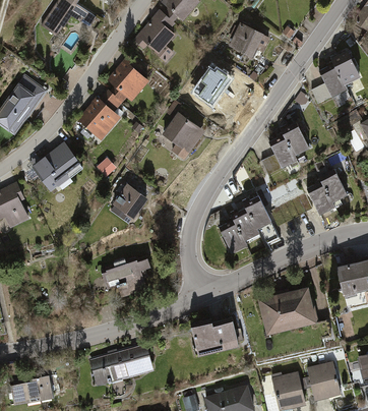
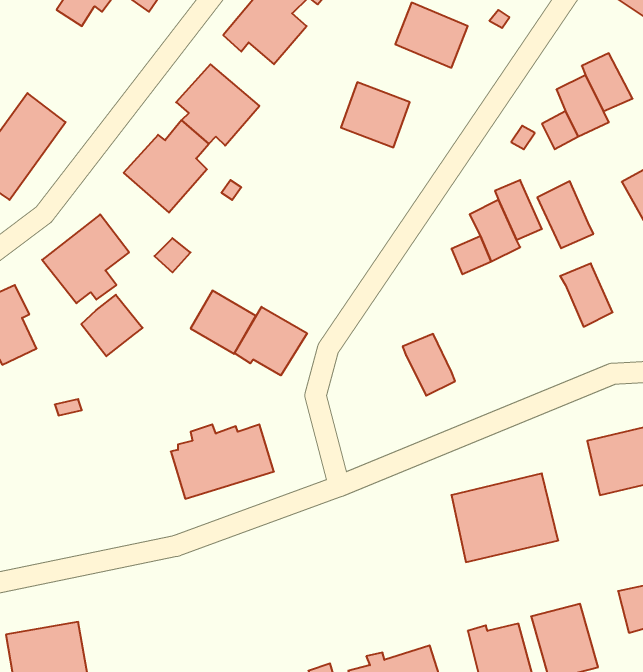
building: [162,111,207,160] -> none
building: [306,181,338,219] -> [537,181,593,248]
building: none -> [81,295,143,356]
building: none -> [234,307,307,375]
building: [247,195,275,230] -> none
building: [219,221,248,256] -> none
building: [193,324,244,358] -> none
building: [87,343,156,388] -> none

